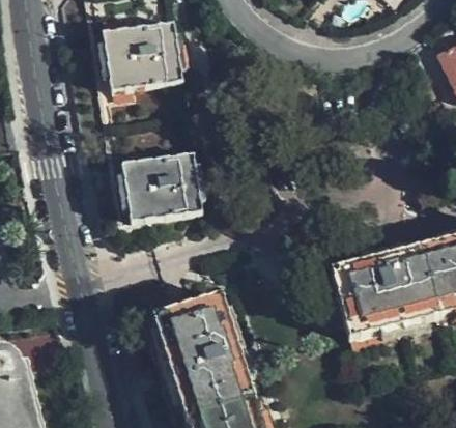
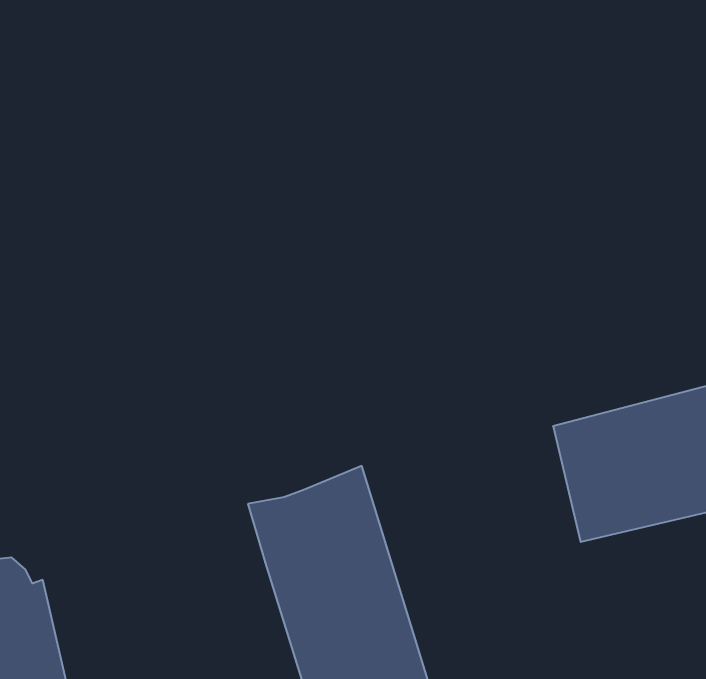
building: [103,18,181,88] -> none
building: [121,150,202,220] -> none

